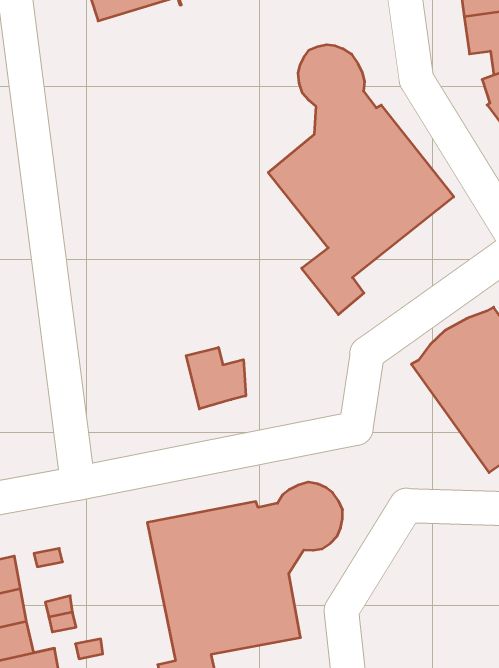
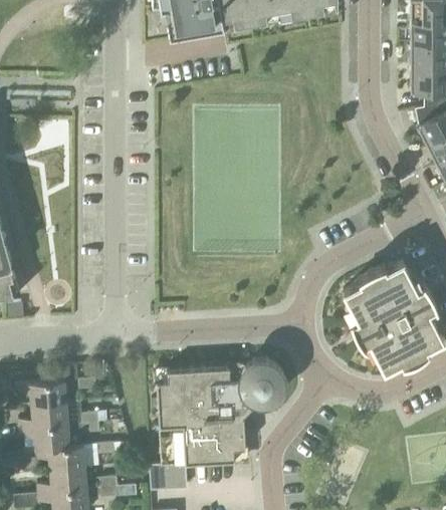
building: [268,45,454,315] -> none
building: [186,347,246,409] -> none

